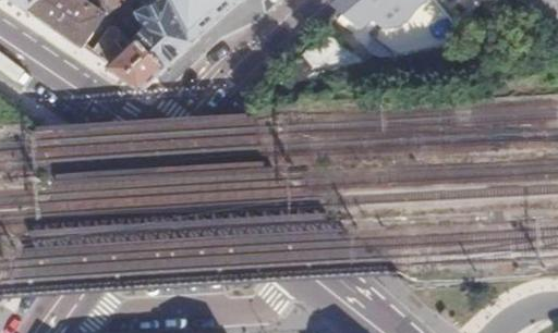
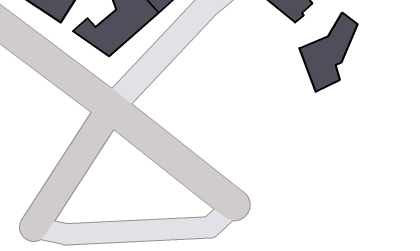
building: none -> [299,13,358,92]

